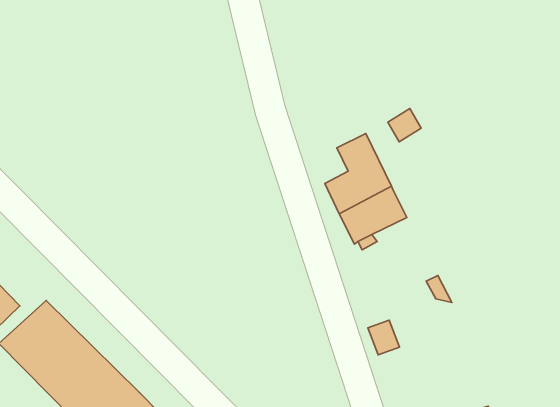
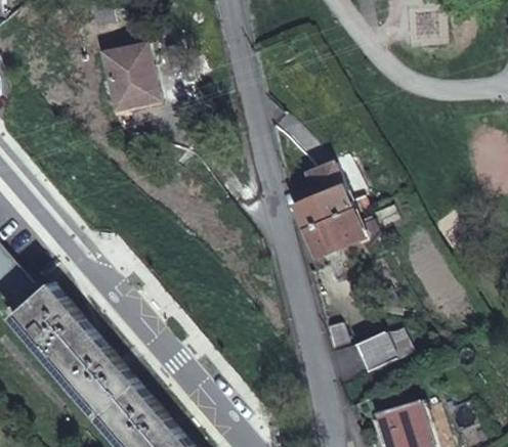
building: none -> [104,44,153,107]
building: none -> [356,328,395,368]

